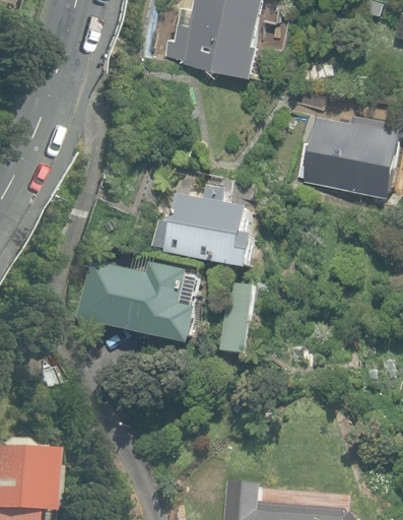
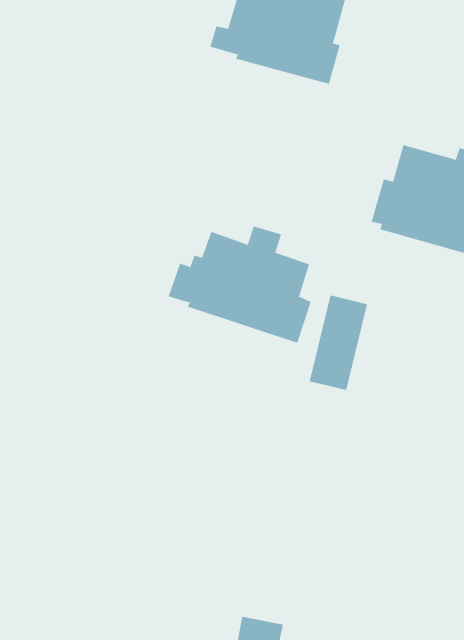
building: [79,262,200,346] -> none
building: [219,284,258,355] -> [309,295,368,391]

